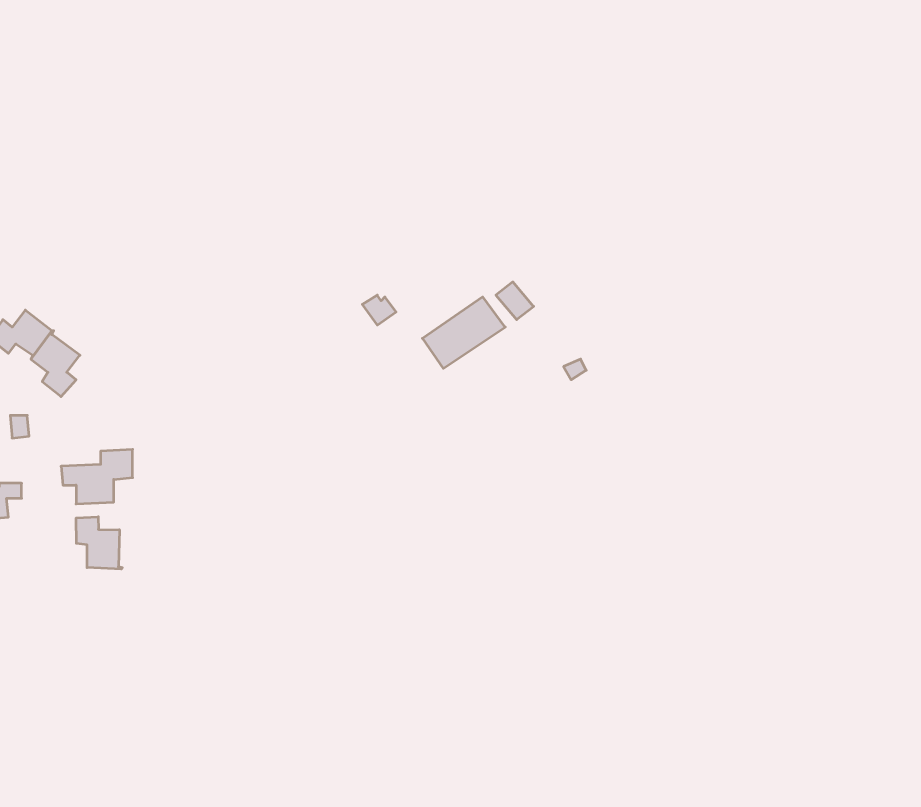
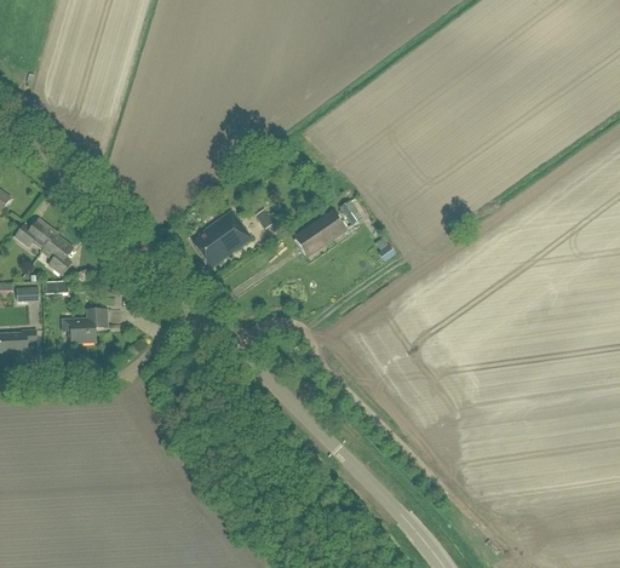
building: none -> [191,210,251,266]
building: [76,517,122,569] -> none

